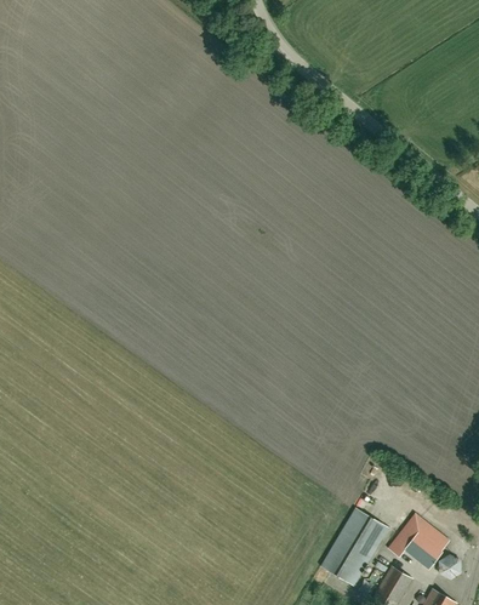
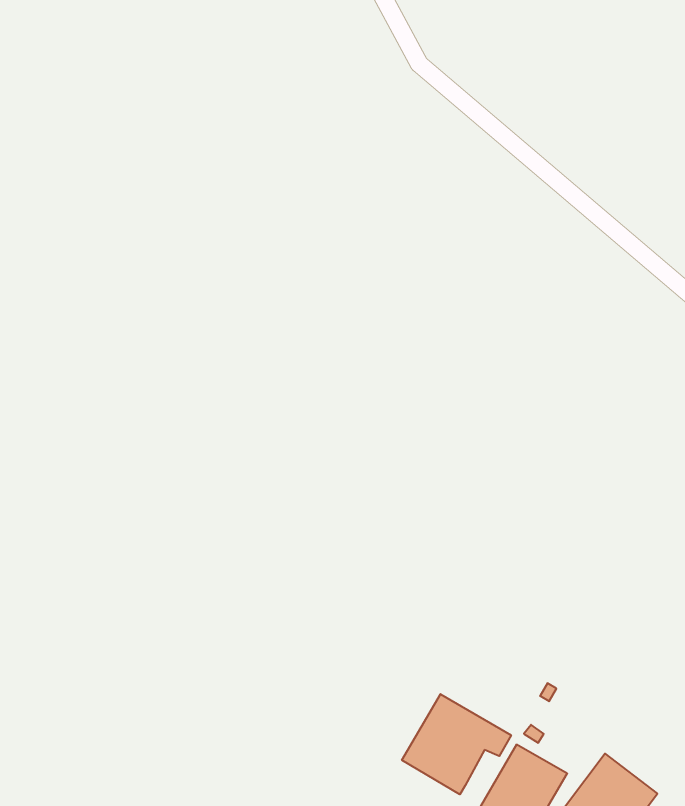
building: none -> [402,694,511,794]

